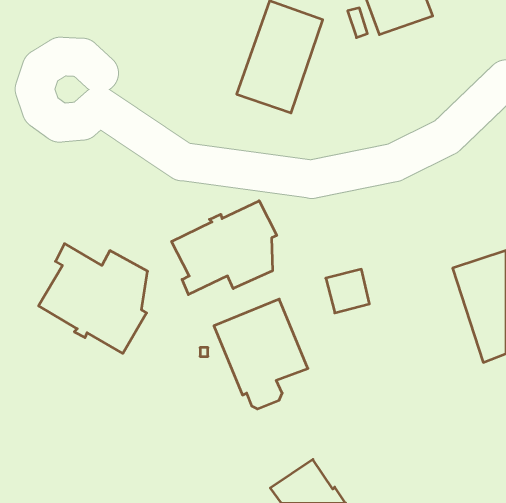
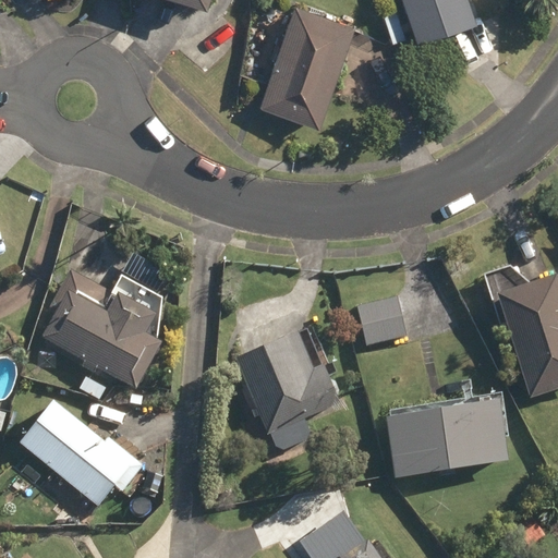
building: [172,201,277,295] -> none
building: none -> [20,401,144,508]
building: none -> [386,402,508,477]

